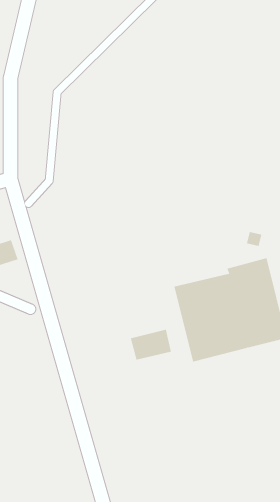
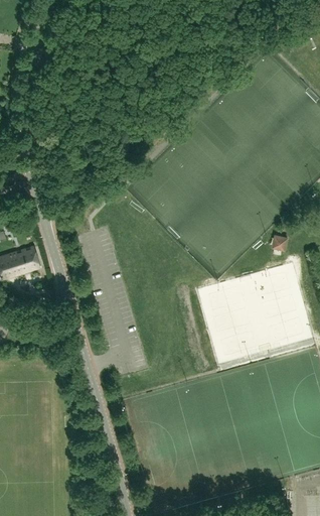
building: [130,329,172,361] -> none

